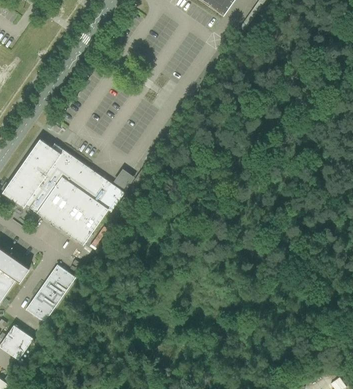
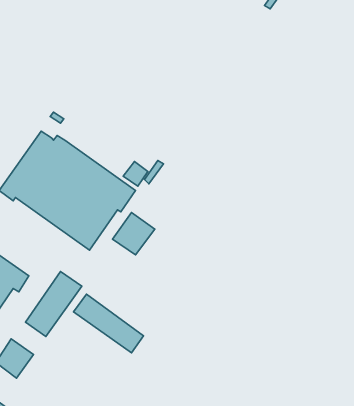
building: none -> [113,212,155,255]
building: none -> [74,294,144,353]

